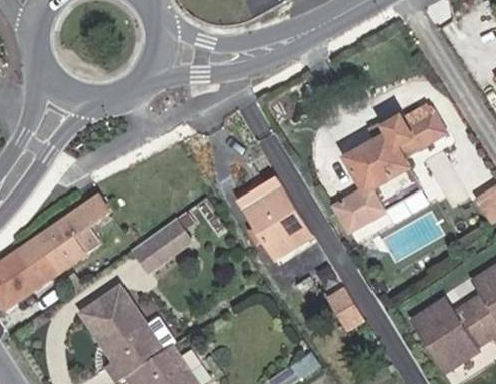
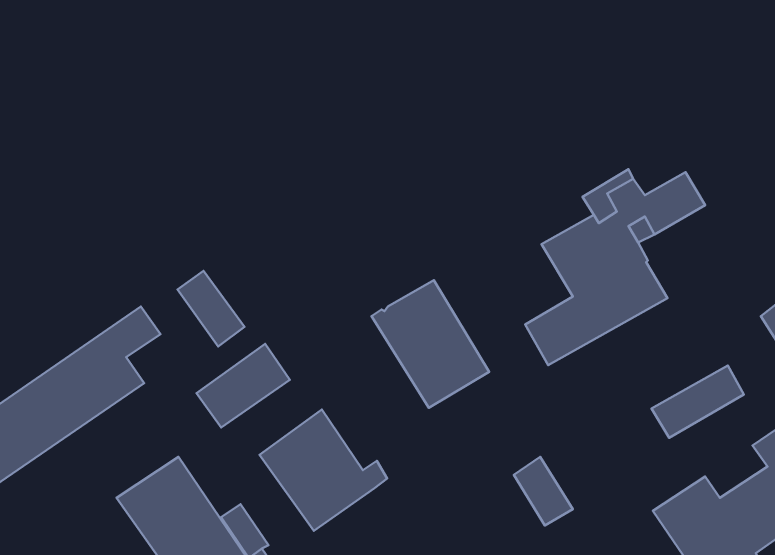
building: none -> [177,271,245,347]
building: none -> [652,366,744,438]
building: none -> [260,409,387,531]

